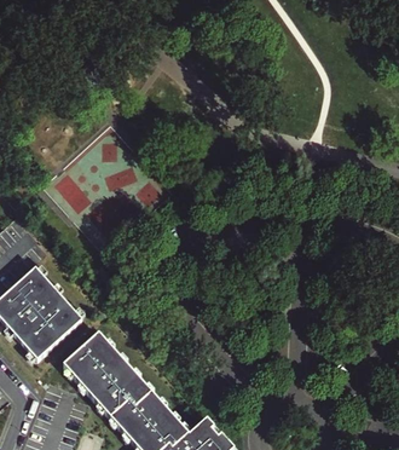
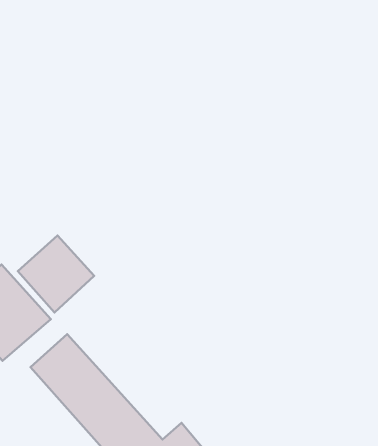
building: none -> [18,235,94,313]

